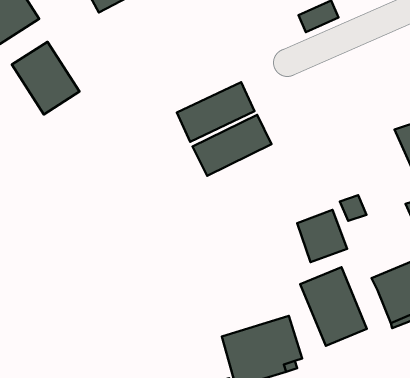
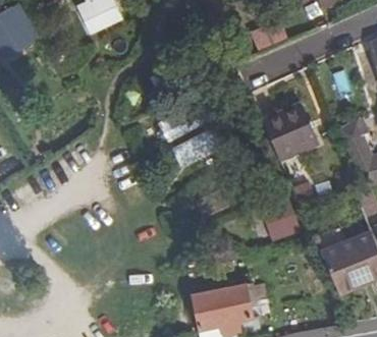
building: [12,42,79,114] -> none
building: none -> [265,103,319,158]
building: [300,267,367,346] -> none

